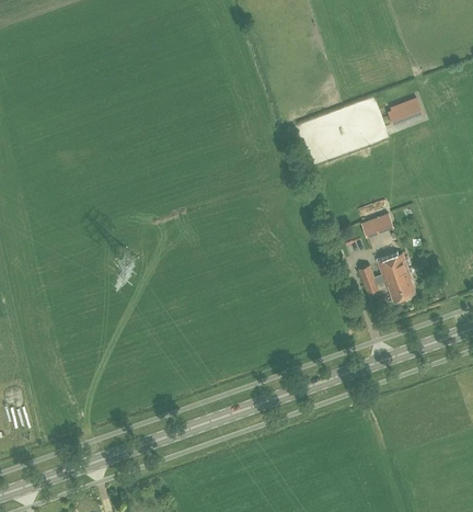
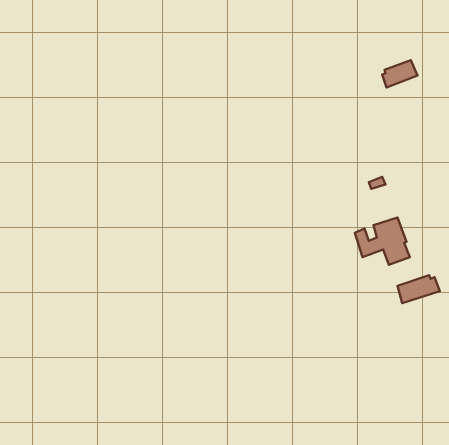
building: none -> [397,275,440,303]

